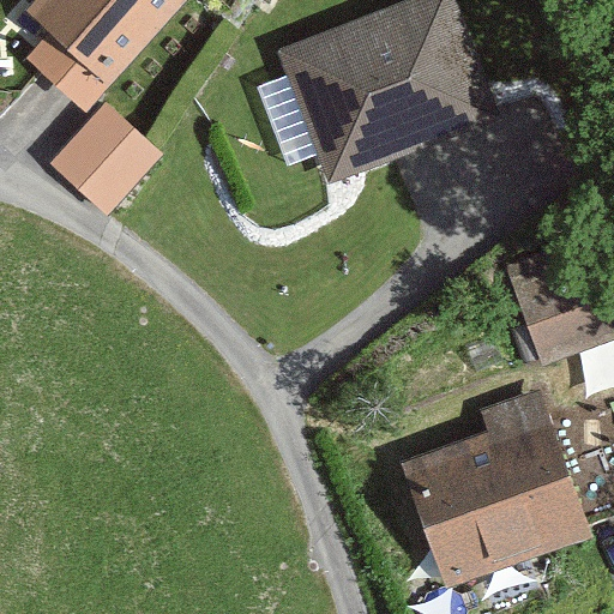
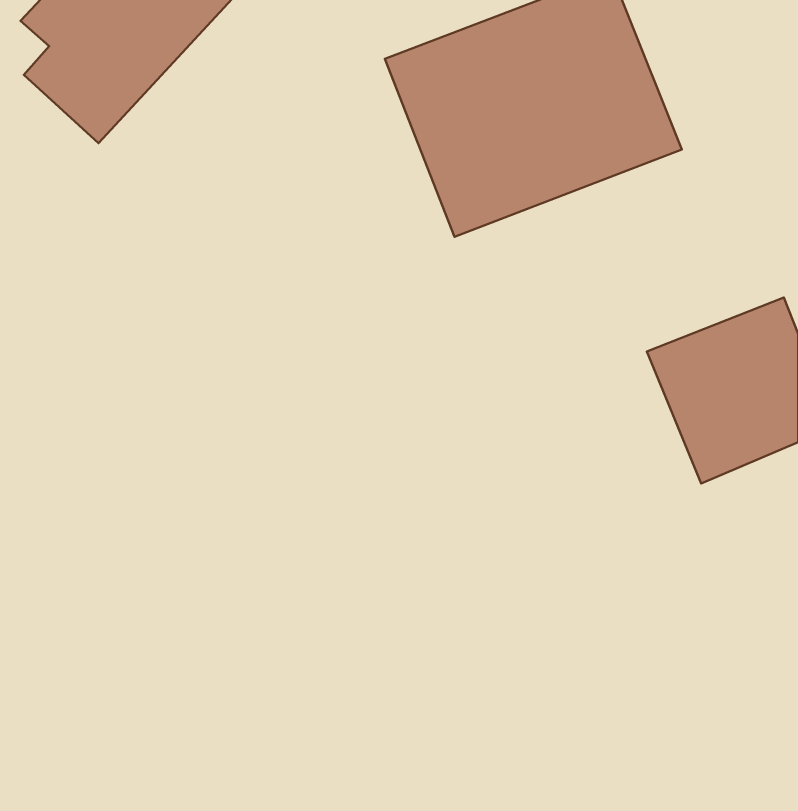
building: [52,104,159,211] -> none
building: [398,413,583,585] -> none

